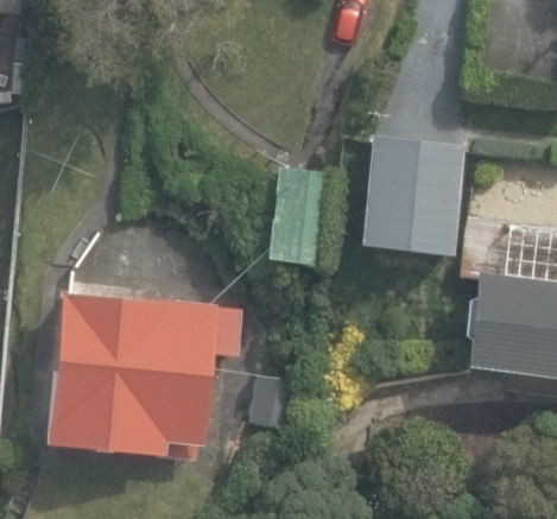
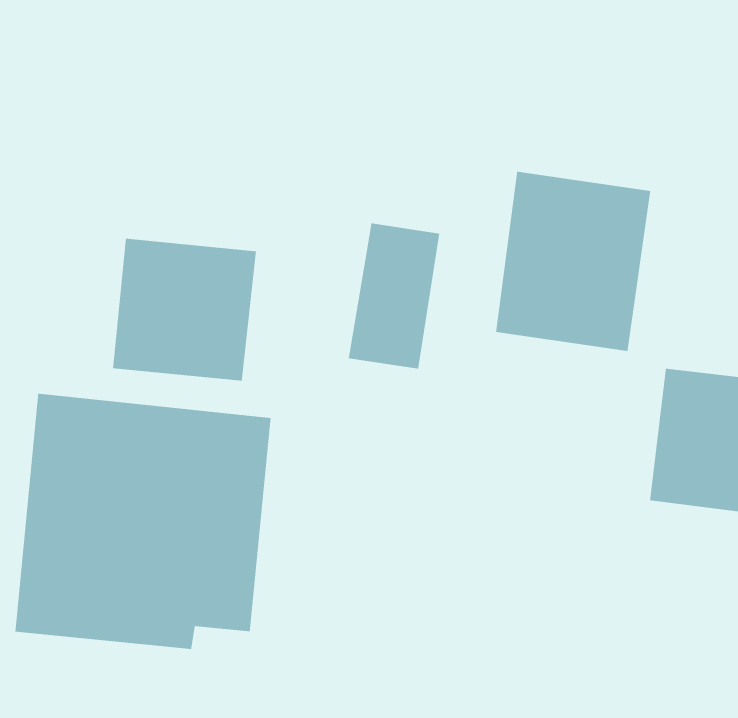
building: none -> [112,238,257,381]

